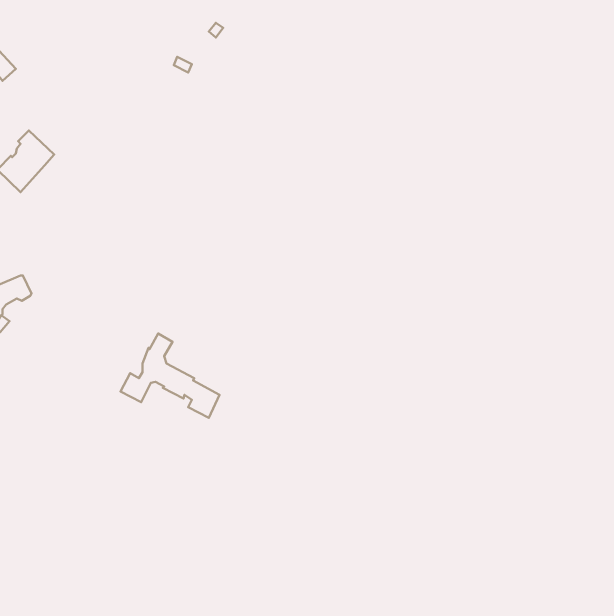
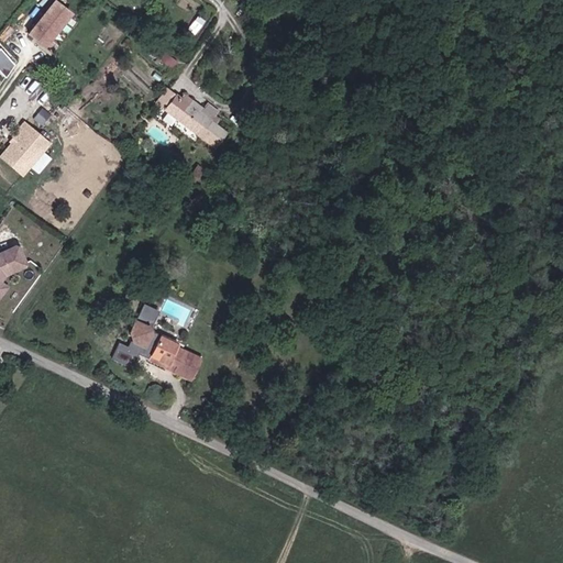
building: none -> [25,10,66,51]
building: none -> [166,95,227,148]

